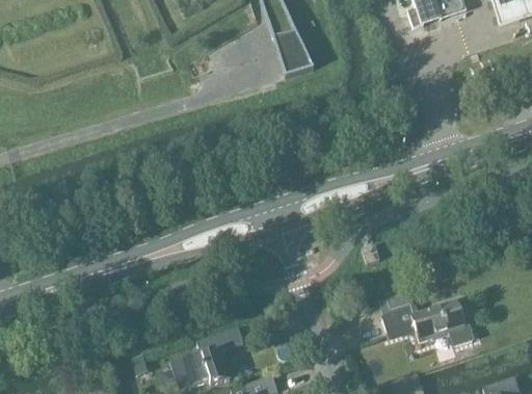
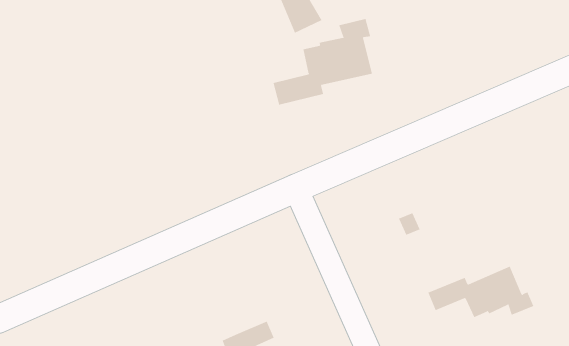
building: none -> [273,18,373,106]

